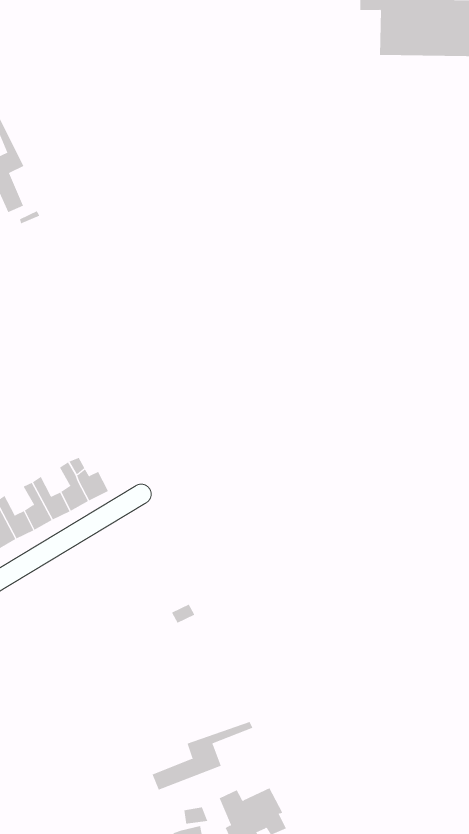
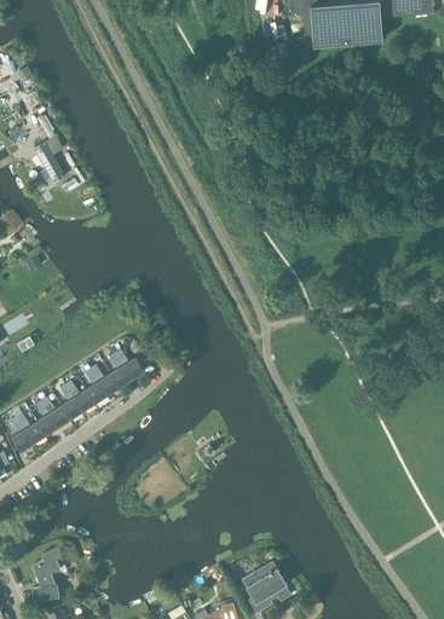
building: [152,721,253,790] -> none

